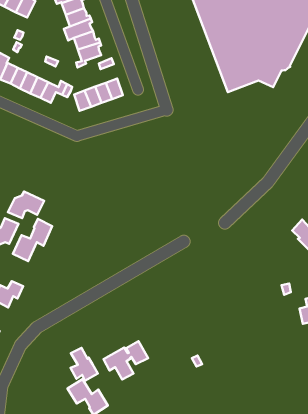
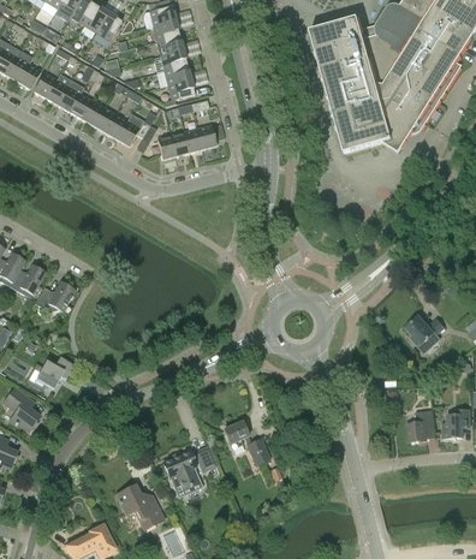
building: [8,191,44,218] -> none
building: [13,219,52,261] -> none
building: none -> [225,420,270,463]
building: [70,348,98,381] -> none

